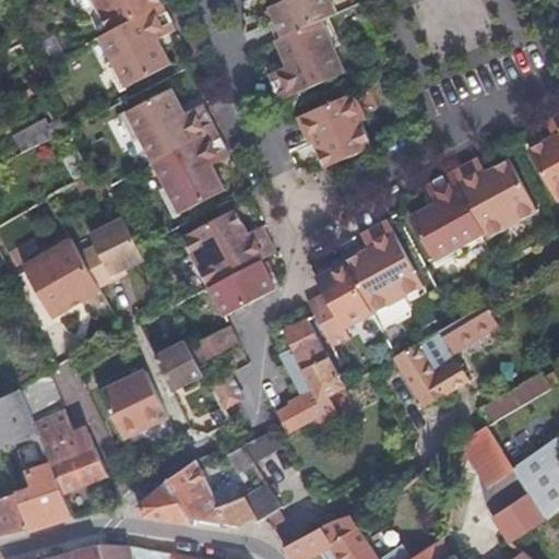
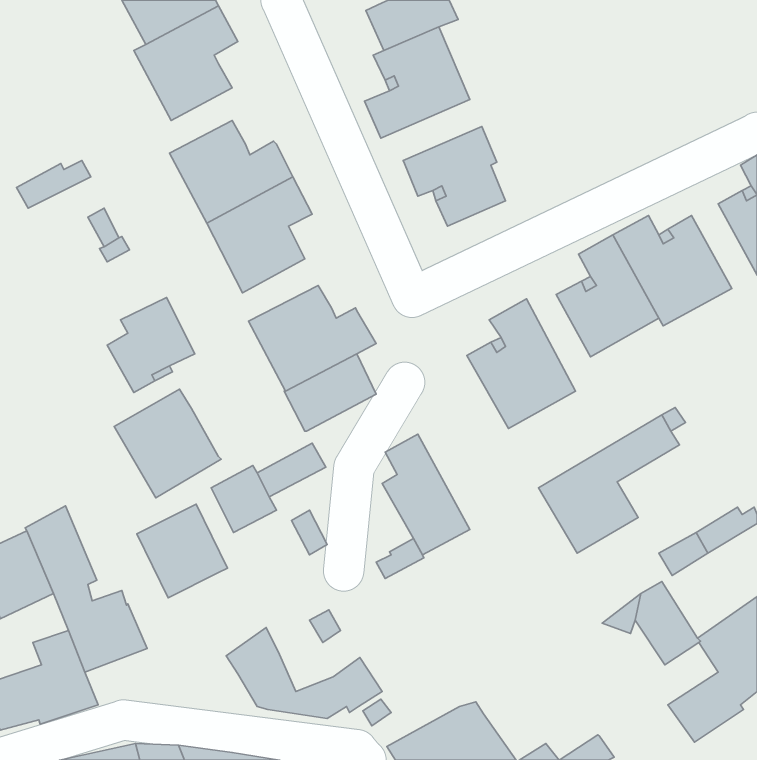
building: [22,239,100,319] -> [114,389,221,498]
building: [308,261,373,348] -> none
building: [138,481,197,525] -> none

